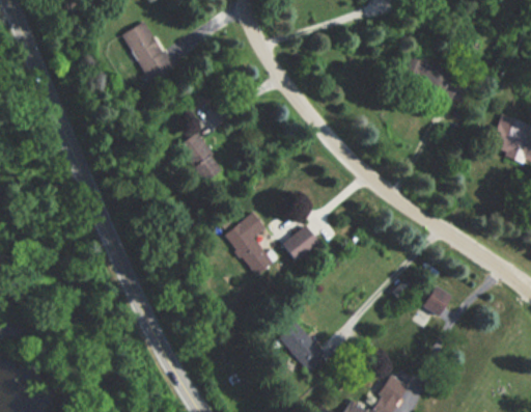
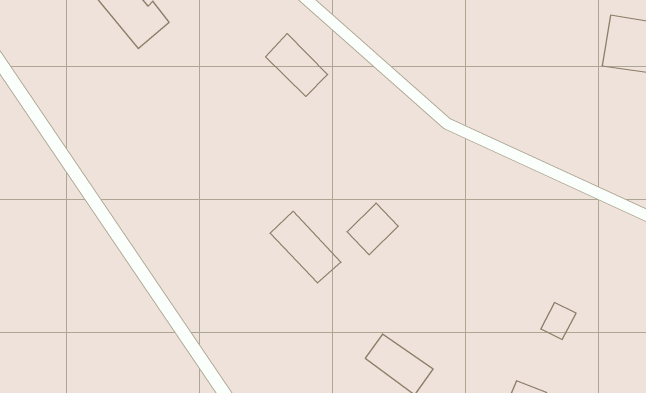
building: [178,132,222,181] -> [266,34,328,96]
building: [424,285,452,313] -> [541,303,576,339]

